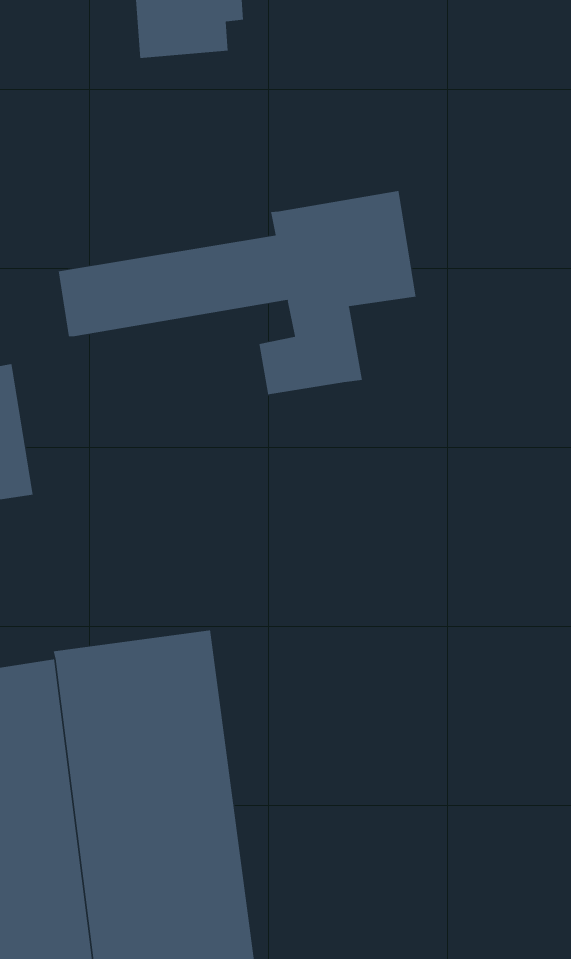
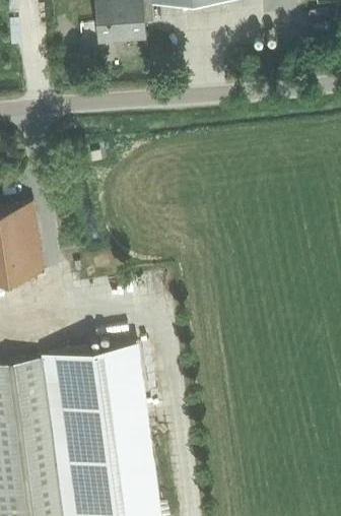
building: [58,190,416,395] -> none

